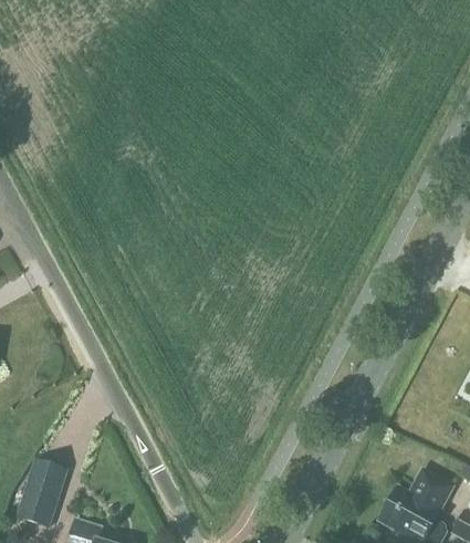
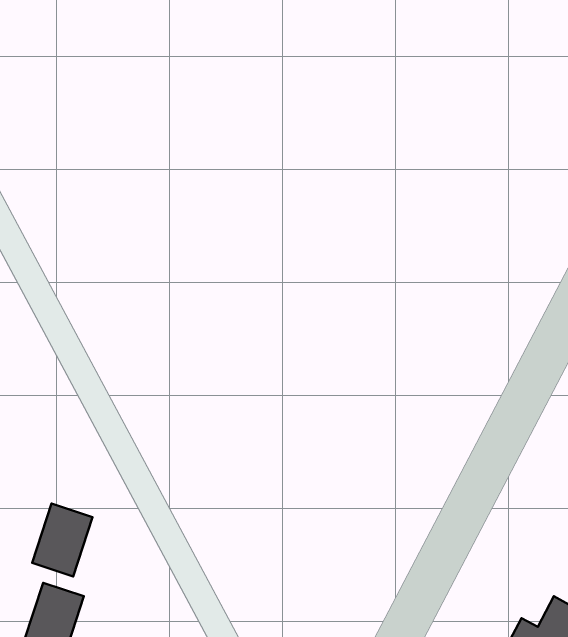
building: none -> [32,504,93,576]

